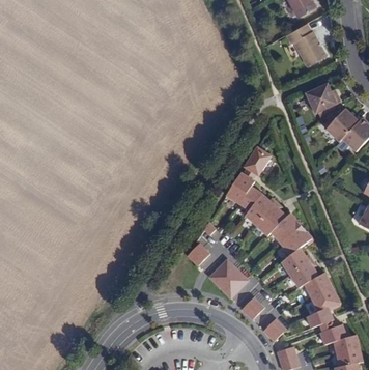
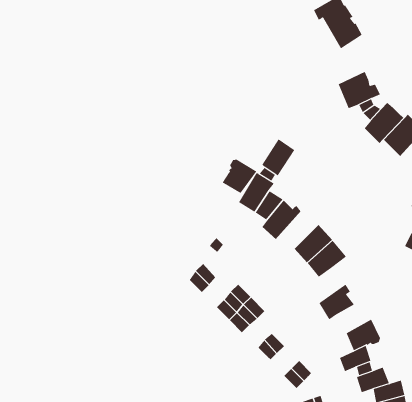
building: none -> [222,159,257,194]
building: [256,197,287,230] -> none
building: [281,243,312,271] -> none
building: [305,268,333,294] -> none

